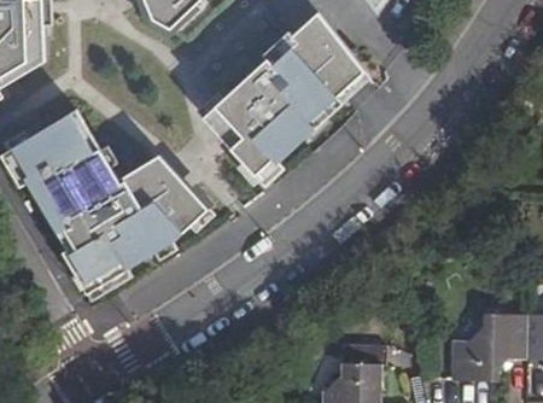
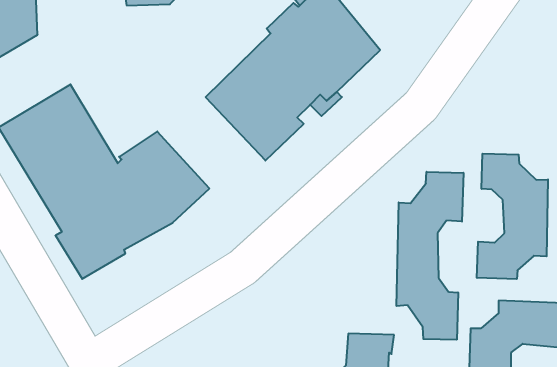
building: none -> [477,154,548,279]
building: none -> [397,172,463,340]

